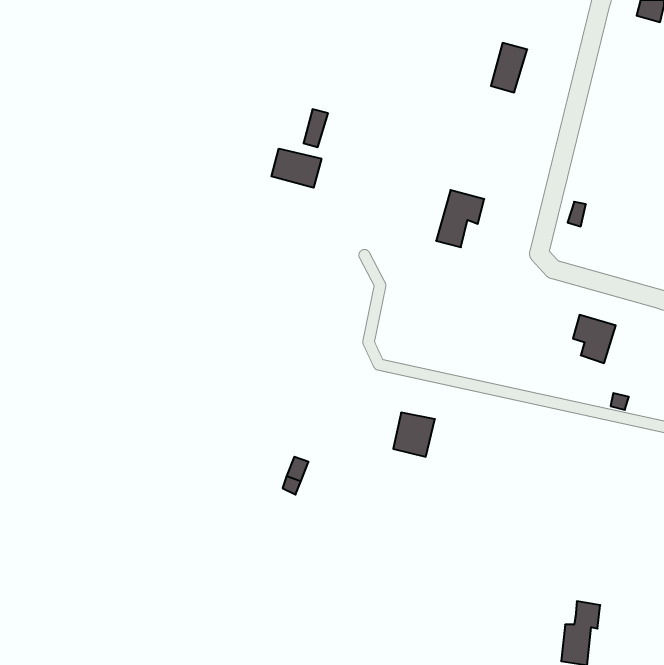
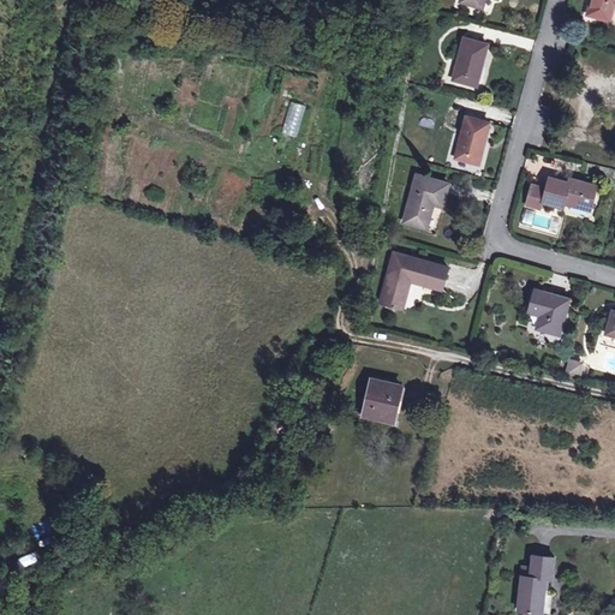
building: none -> [454,117,488,163]
building: [271,149,321,188] -> none
building: none -> [542,178,595,210]
building: none -> [378,252,447,308]

